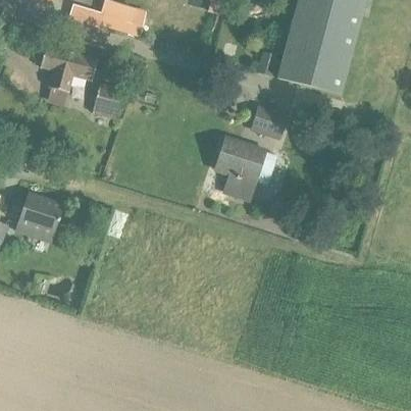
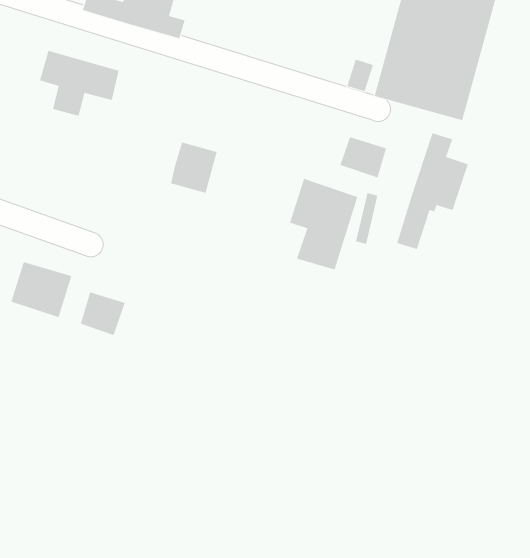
building: [91,83,124,119] -> [170,142,218,194]
building: none -> [397,133,469,250]
building: none -> [80,292,125,336]

